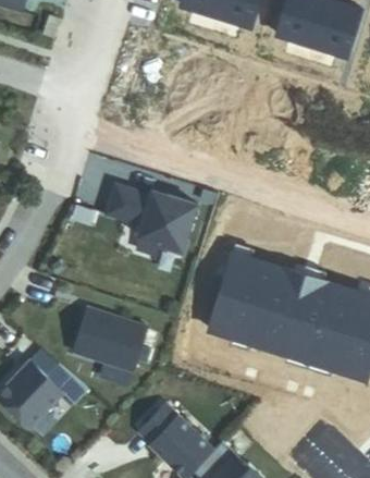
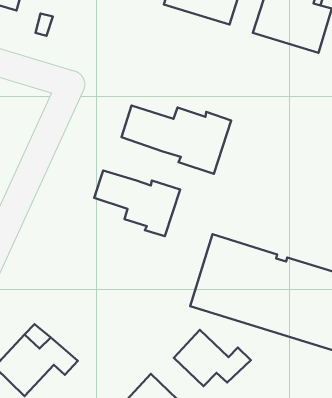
building: none -> [121,106,231,174]
building: [73,308,146,372] -> none
building: none -> [174,330,251,386]

